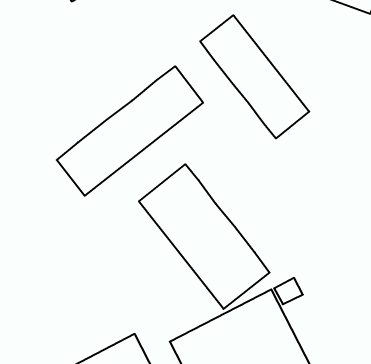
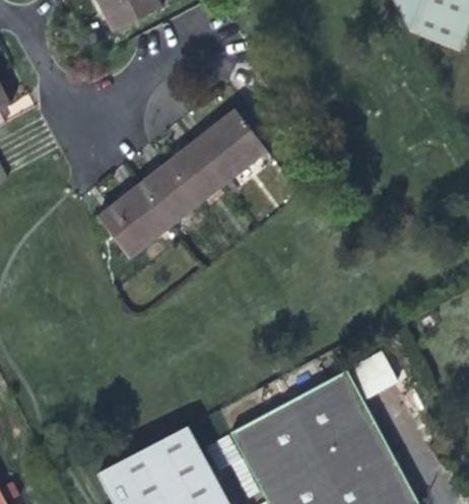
building: [200,15,309,138] -> none
building: [139,164,270,309] -> none

